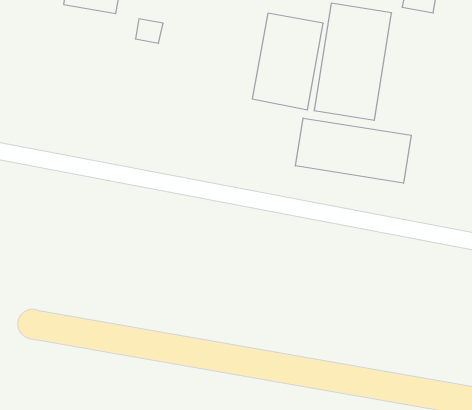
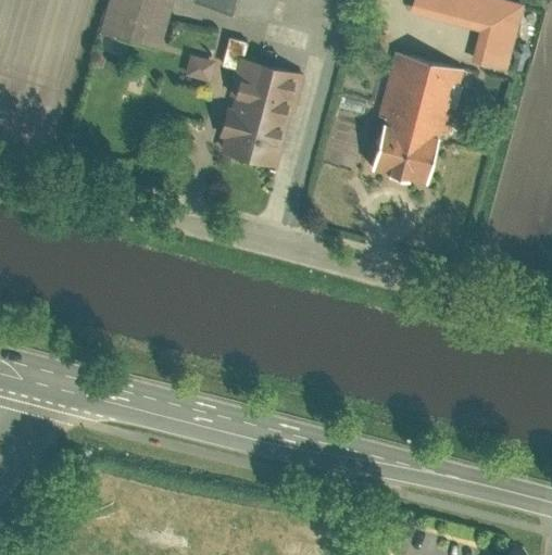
building: [252,13,323,110] -> [215,58,299,166]
building: [295,118,411,183] -> none

